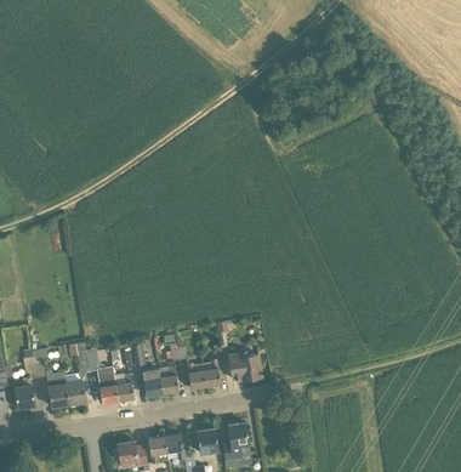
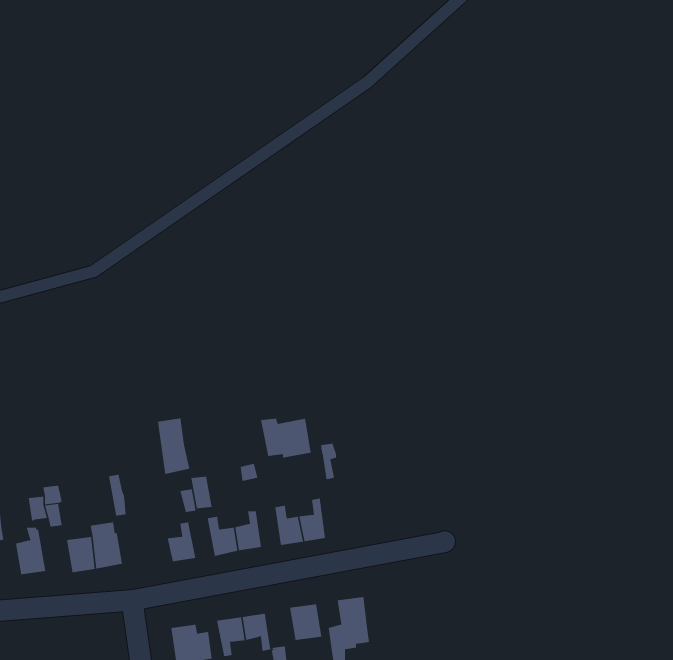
building: [228,354,262,381] -> [260,418,311,458]
building: [97,366,119,404] -> [157,418,190,474]

